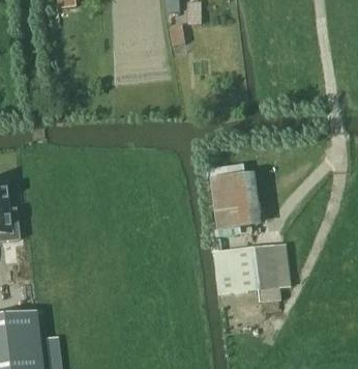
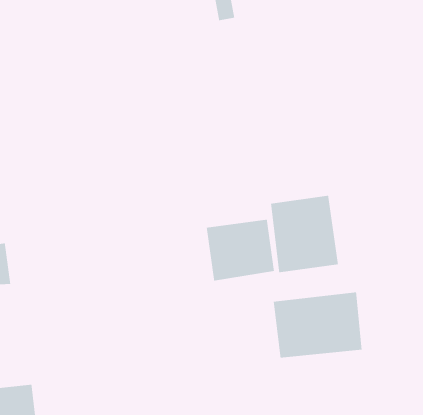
building: none -> [206,219,275,281]

